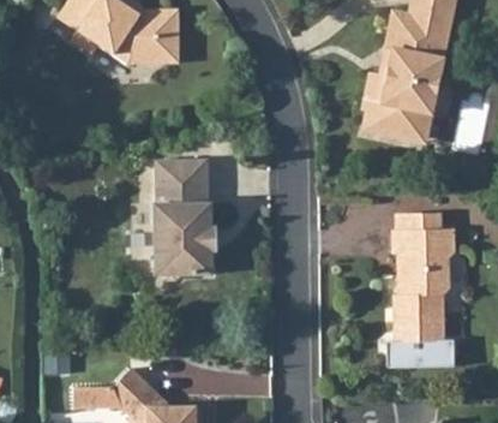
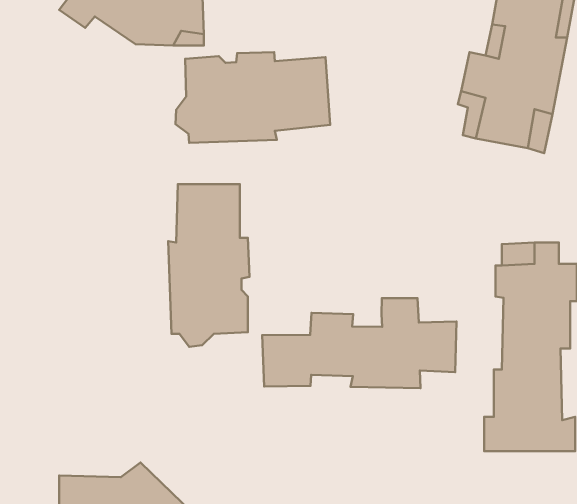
building: none -> [175,52,330,143]
building: none -> [262,298,456,388]

